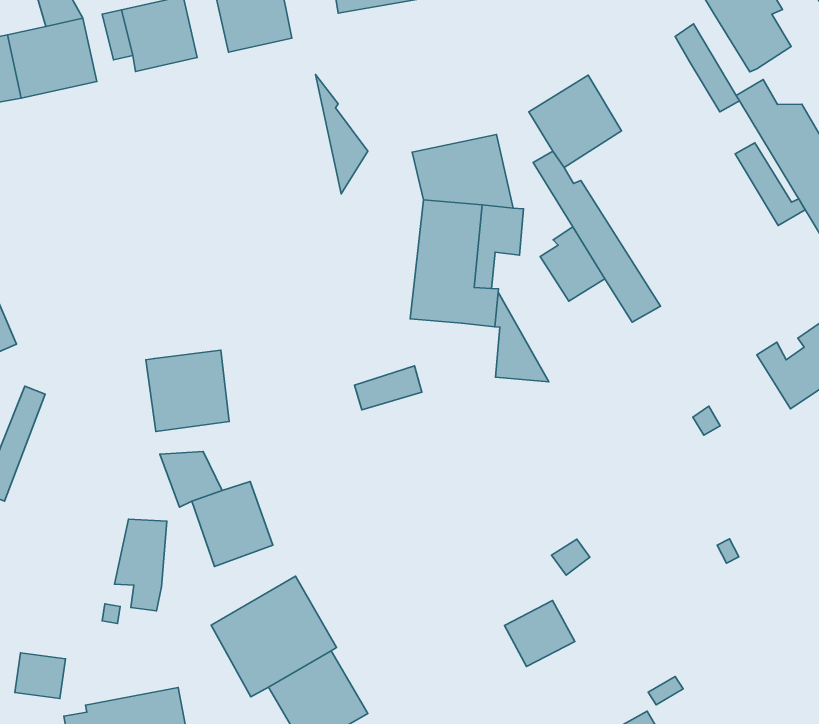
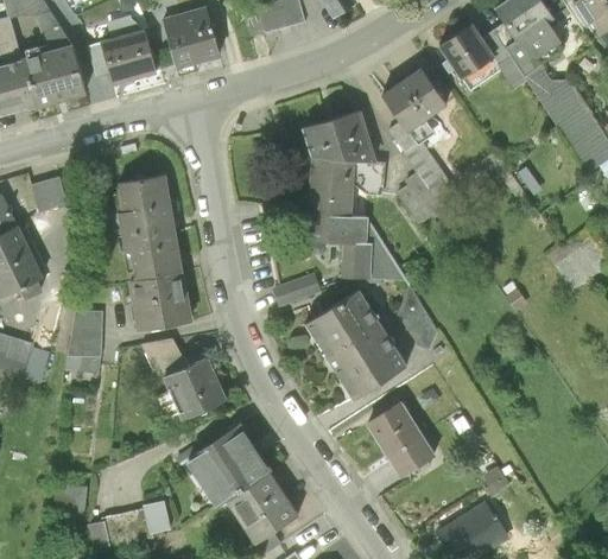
building: none -> [441,24,490,75]
building: [316,74,368,194] -> none
building: [735,143,805,226] -> [492,21,542,77]
building: none -> [32,179,66,214]
building: none -> [119,174,180,279]
building: none -> [342,243,370,279]
building: none -> [308,291,403,395]
building: [115,519,167,611] -> [68,312,101,374]
building: none -> [368,402,417,449]

